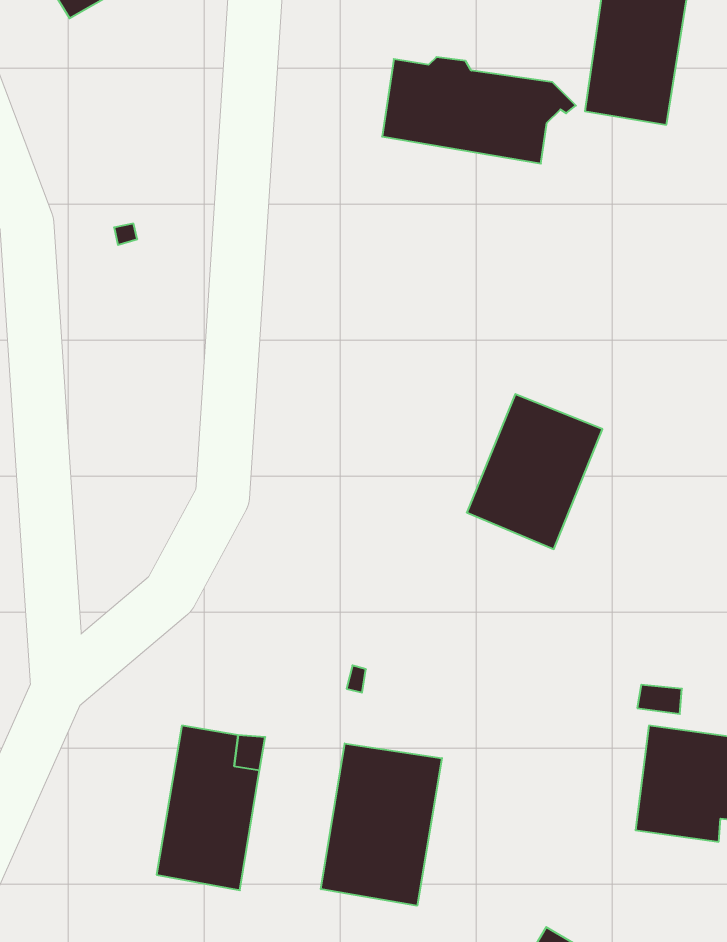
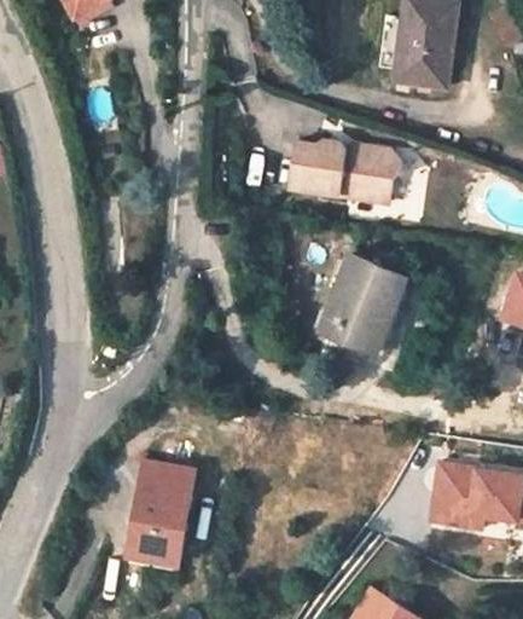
building: [382,57,576,164] -> [289,139,409,206]
building: [321,743,442,906] -> none

